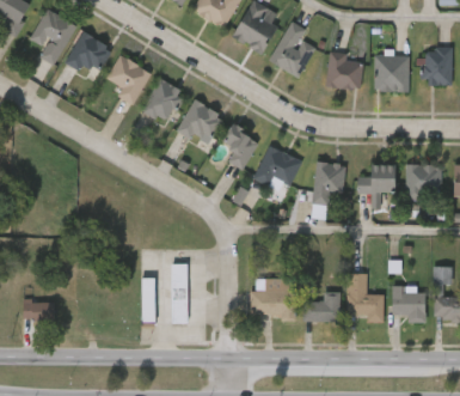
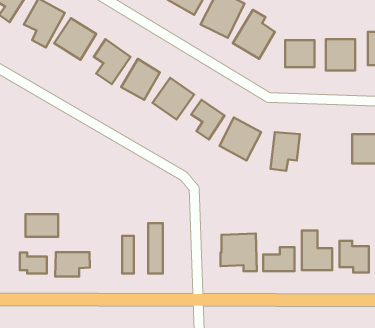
building: [357,165,394,194] -> none
building: none -> [26,214,58,237]
building: none -> [55,252,90,277]

